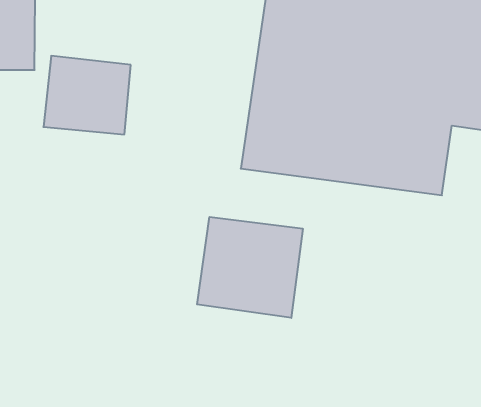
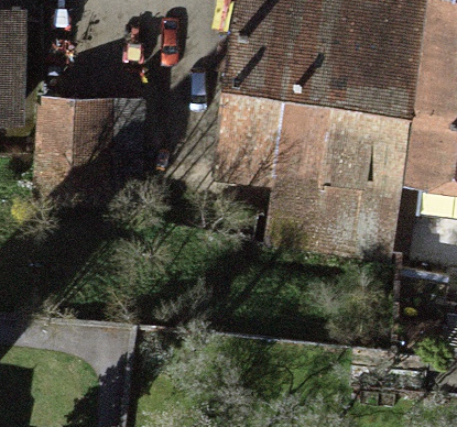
building: [197,217,303,318] -> none

